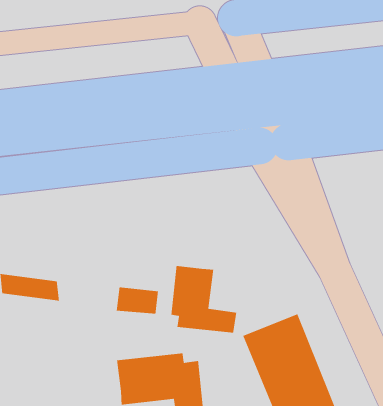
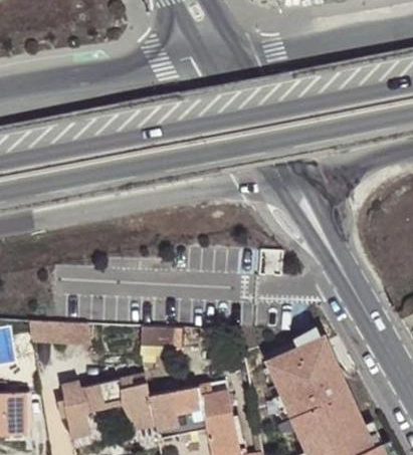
building: [170,265,237,333] -> none
building: none -> [56,379,154,439]

